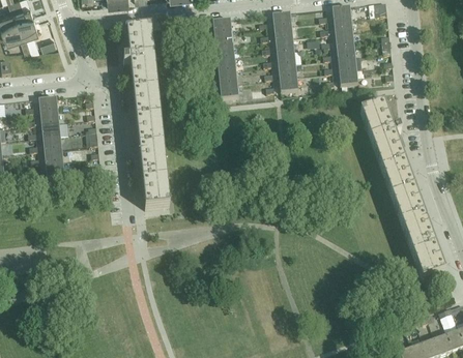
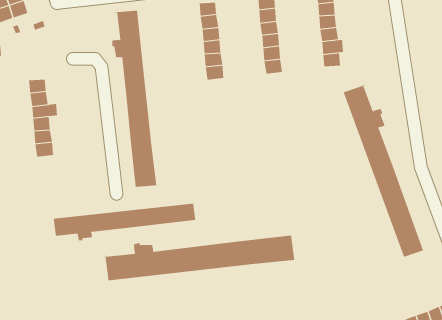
building: none -> [53,203,196,241]
building: none -> [105,232,295,281]

